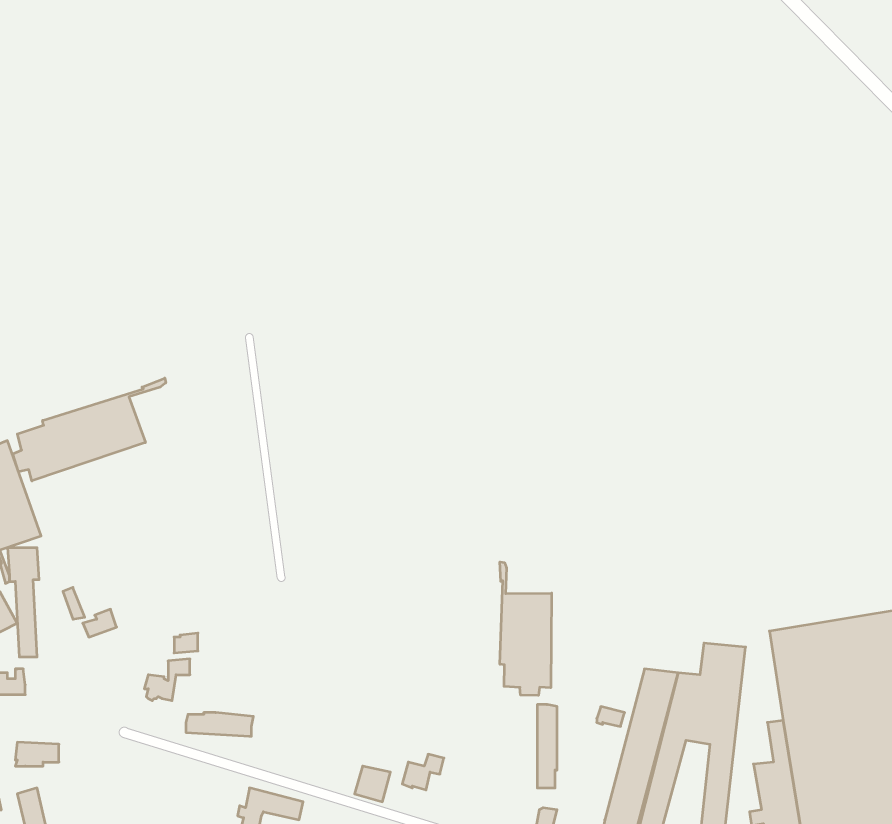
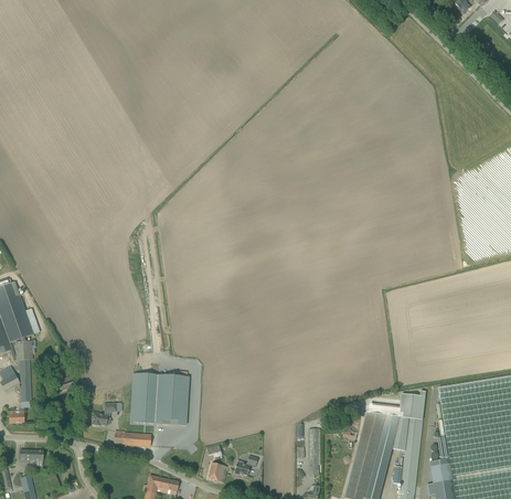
building: [13,378,166,481] -> none
building: [500,562,552,695] -> none
building: none -> [130,372,188,424]

